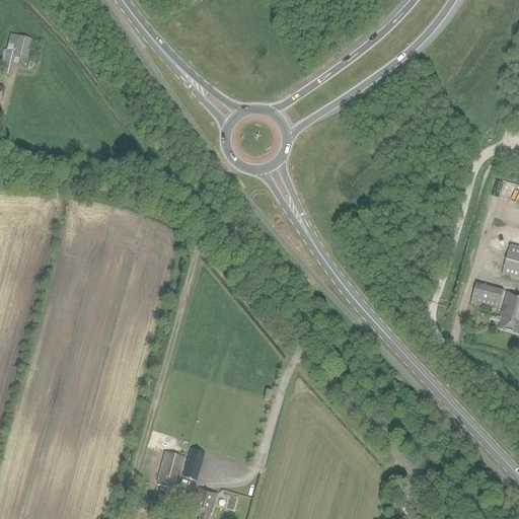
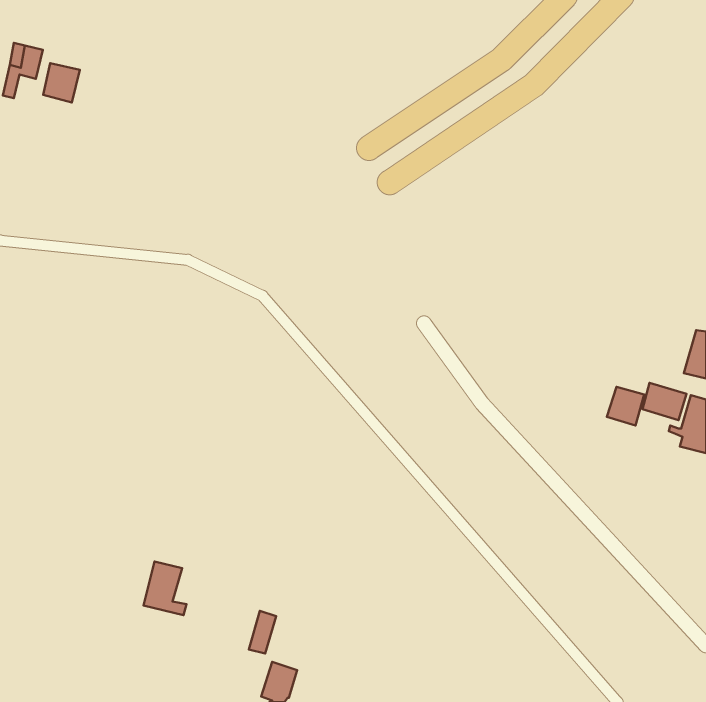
building: none -> [43,63,80,103]
building: none -> [607,387,644,425]
building: [157,450,189,490] -> [144,561,186,615]

